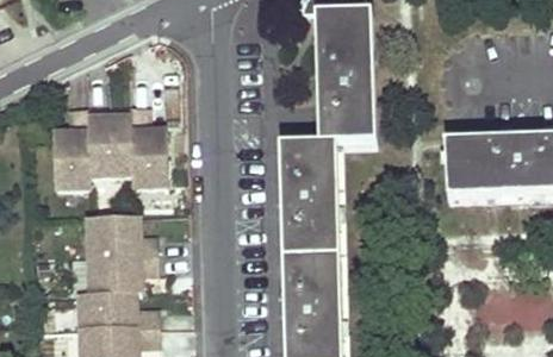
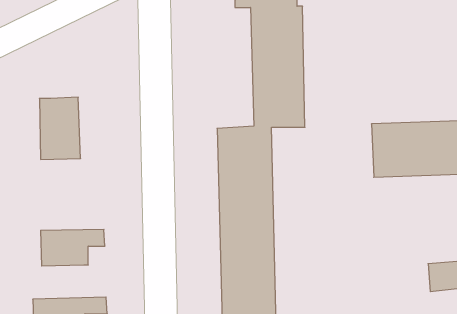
building: [130,107,168,192] -> none
building: [52,109,91,194] -> none
building: [88,218,157,257] -> none
building: [80,294,160,331] -> none

